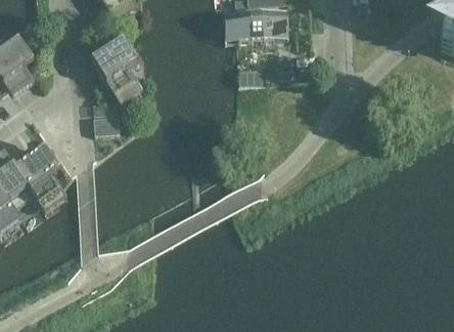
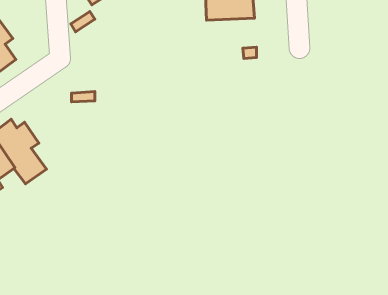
building: [90,36,142,105] -> none

